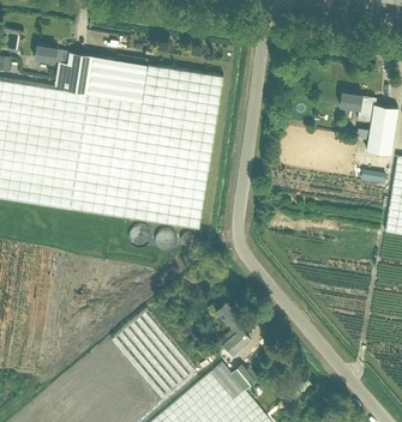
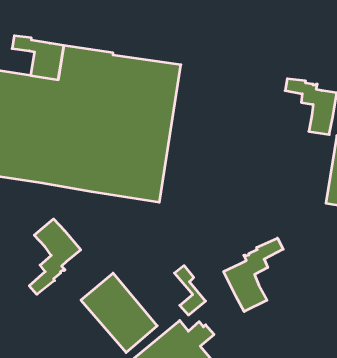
building: none -> [29,219,81,294]
building: none -> [224,238,283,312]

